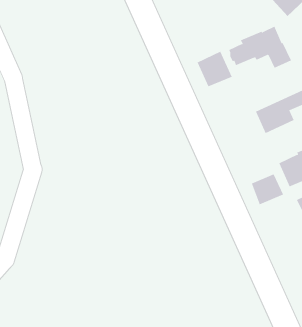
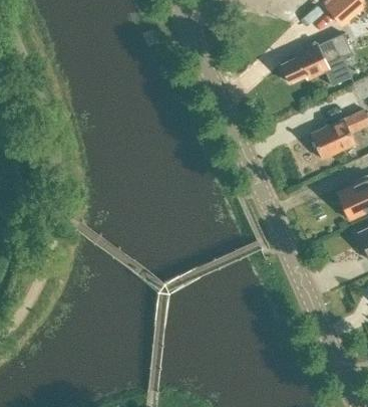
building: [197,51,233,87] -> none
building: [251,173,284,205] -> none

